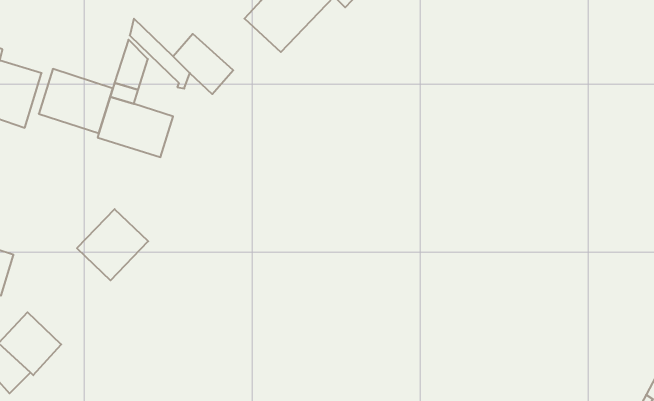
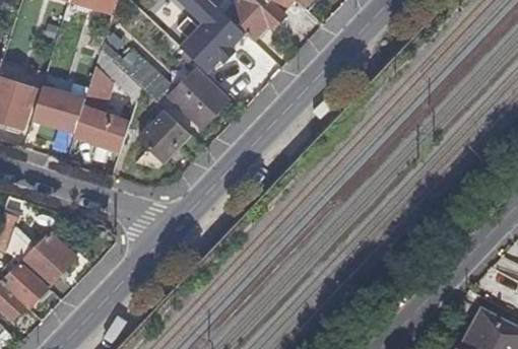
building: none -> [171,70,225,125]
building: none -> [137,110,189,161]
building: [77,209,148,280] -> [22,233,74,285]

